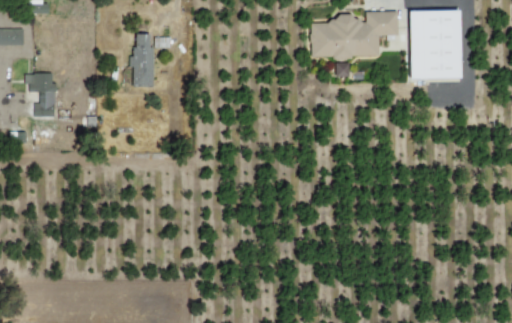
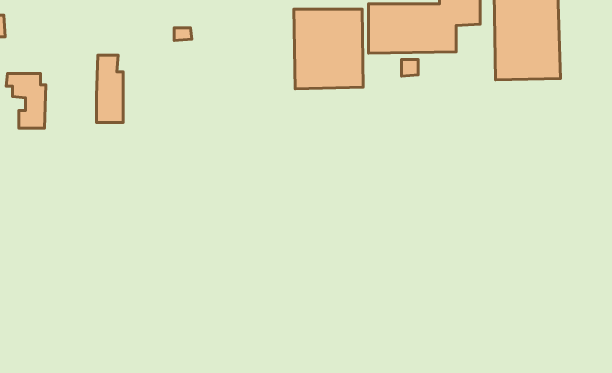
building: none -> [294,9,363,89]
building: [133,34,154,87] -> [97,55,123,123]

